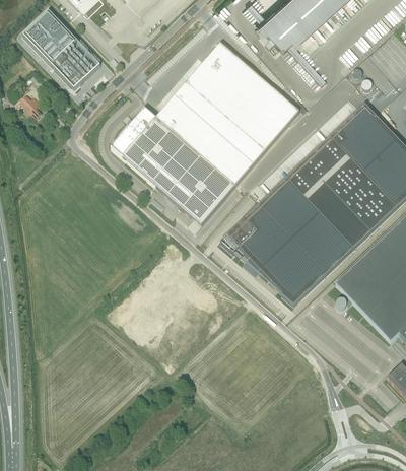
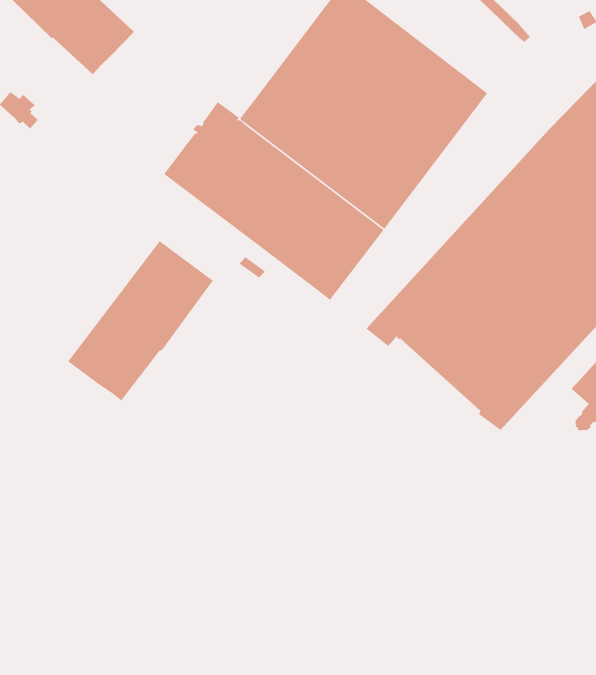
building: none -> [67,240,214,402]

